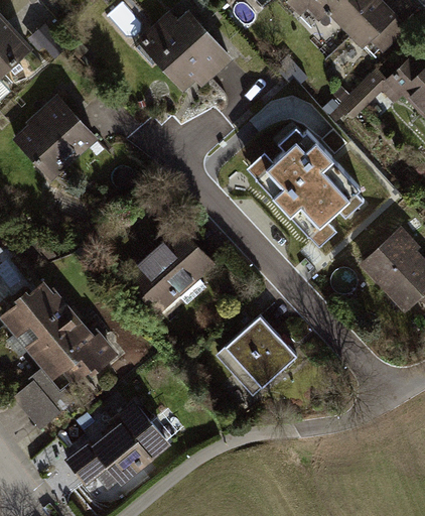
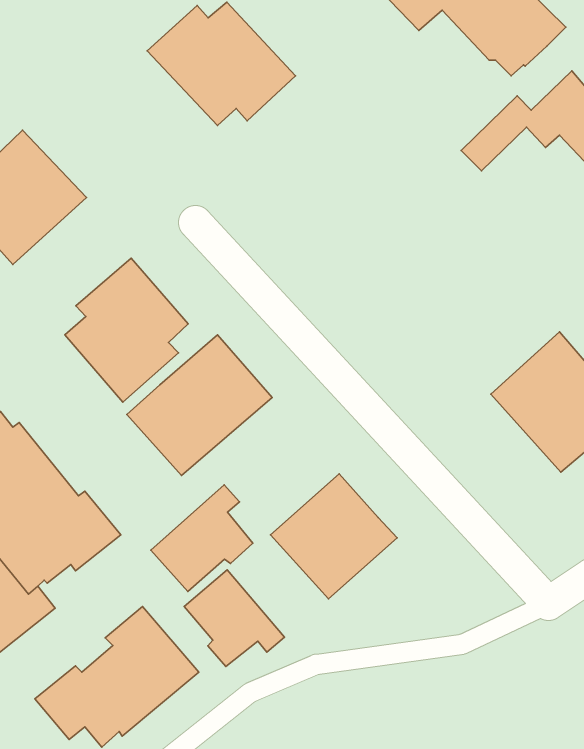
building: [248,125,363,244] -> none
building: none -> [65,258,188,402]
building: none -> [151,485,253,592]
building: none -> [184,570,284,666]

